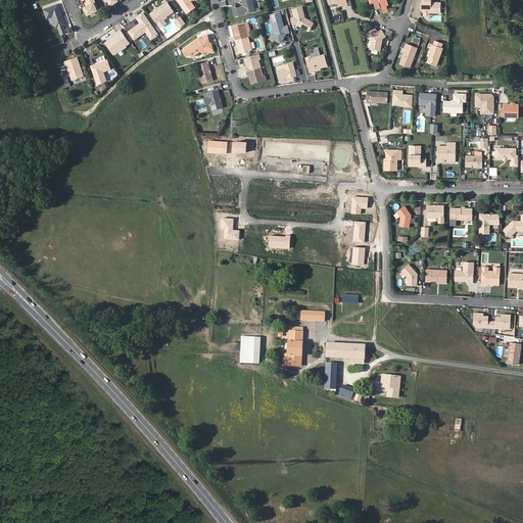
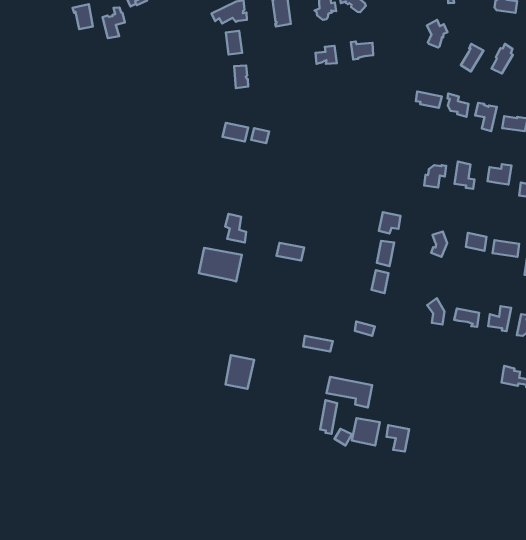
building: [243,54,265,84] -> none
building: none -> [199,248,242,281]
building: [282,331,302,366] -> none
building: none -> [352,418,380,445]

